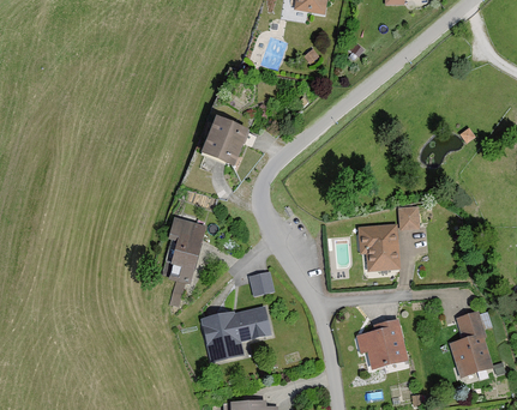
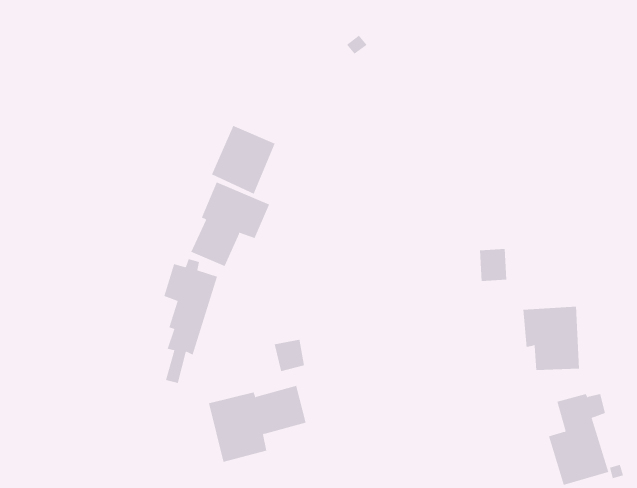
building: none -> [191,181,270,267]
building: [357,223,399,270] -> [522,306,580,370]
building: [356,319,407,369] -> none

